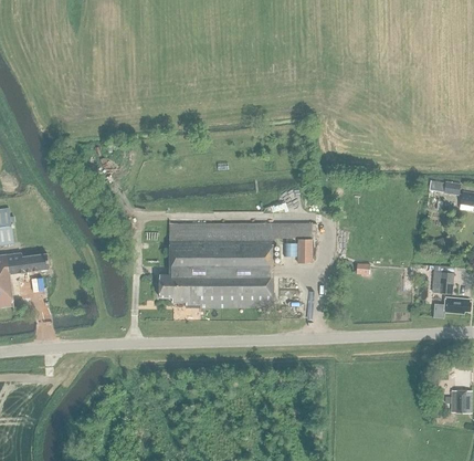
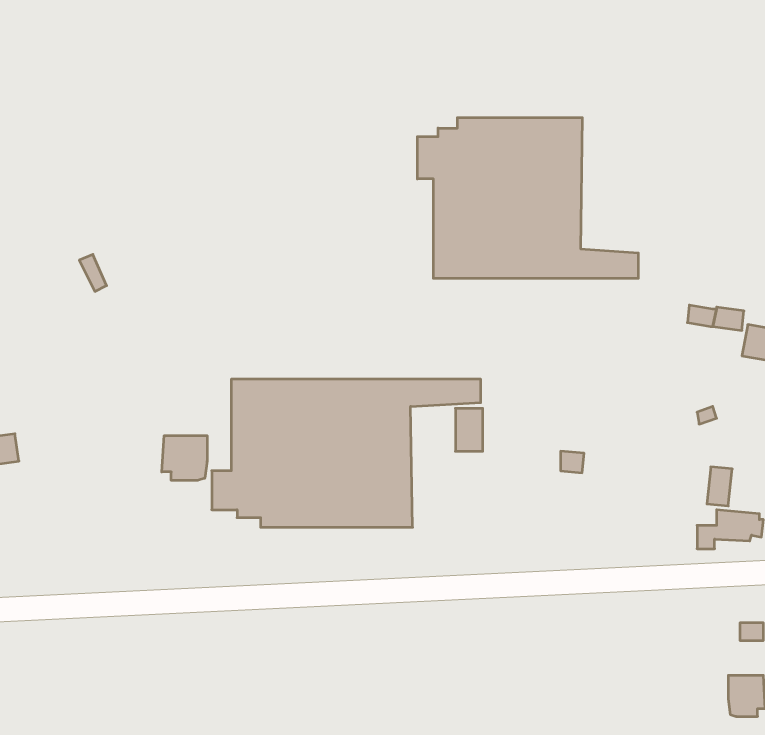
building: none -> [417,118,638,278]
building: none -> [162,436,207,480]

